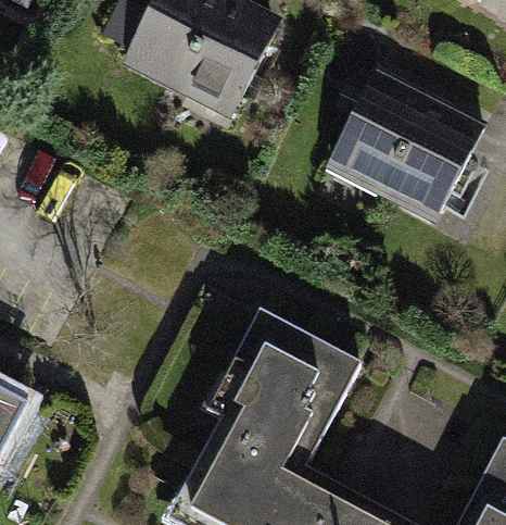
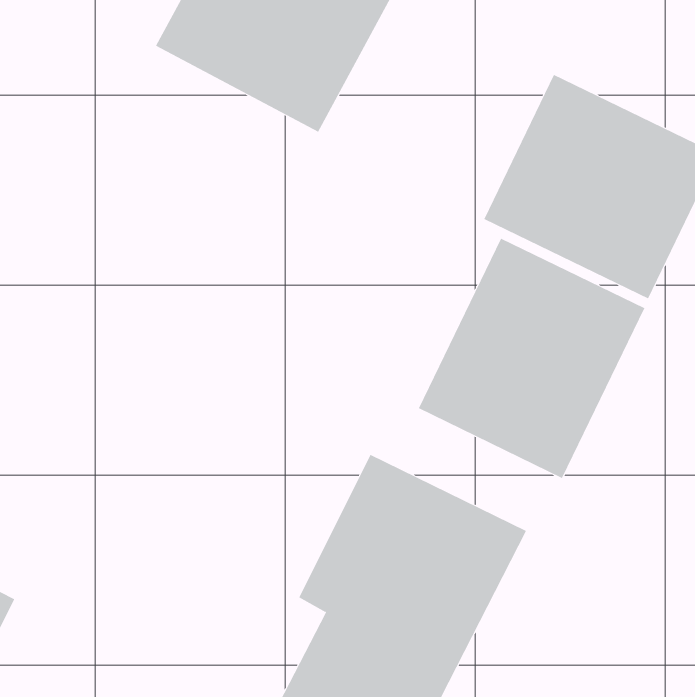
building: none -> [418,238,645,479]

